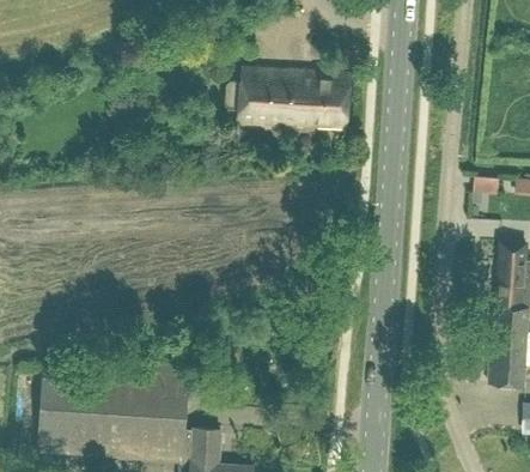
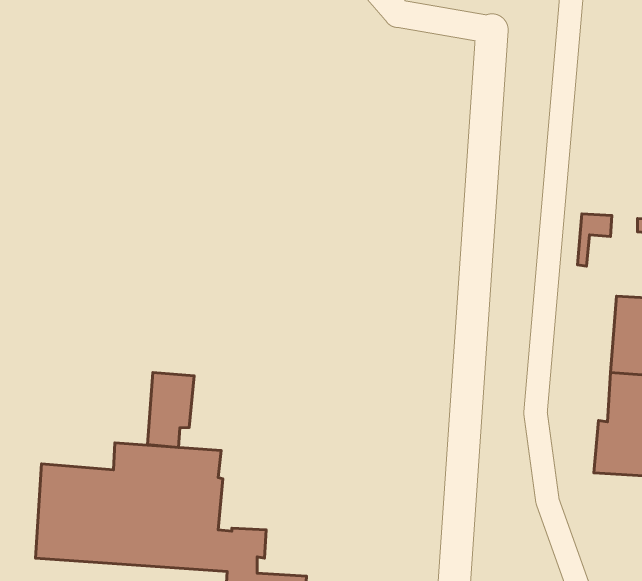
building: [224,68,351,128] -> none
building: none -> [148,373,194,447]

